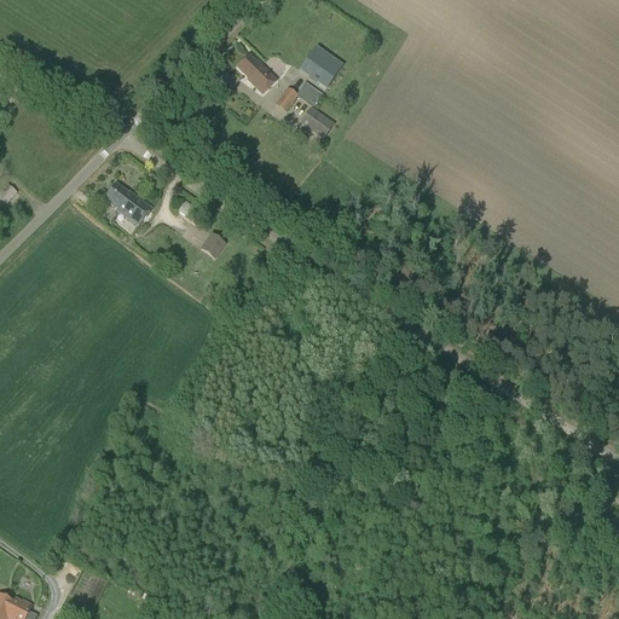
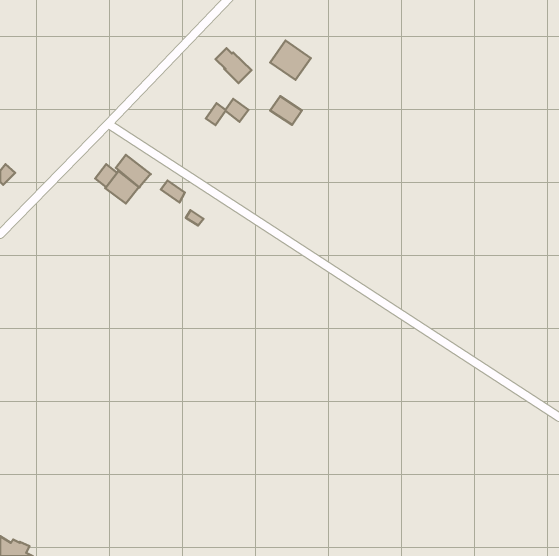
building: [274,81,322,110] -> [206,99,248,125]
building: none -> [116,155,151,188]

